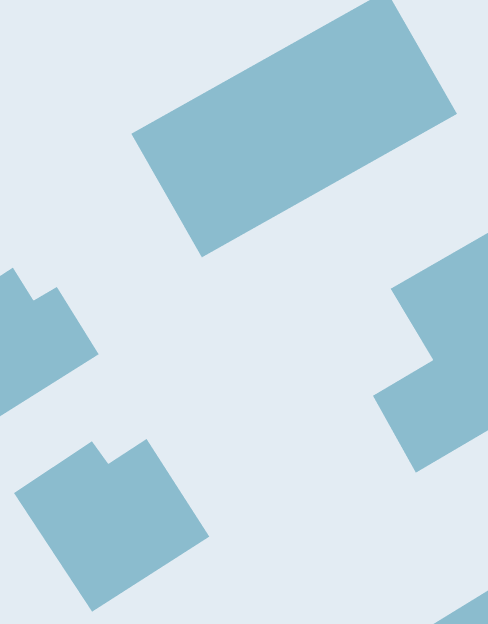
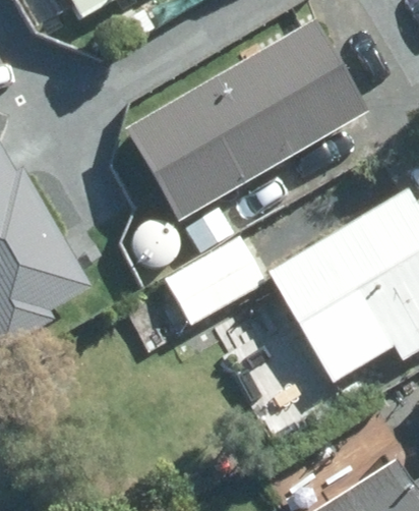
building: none -> [151,231,271,334]
building: [13,438,210,613] -> none

